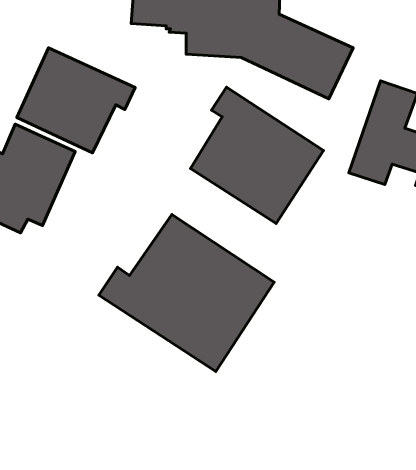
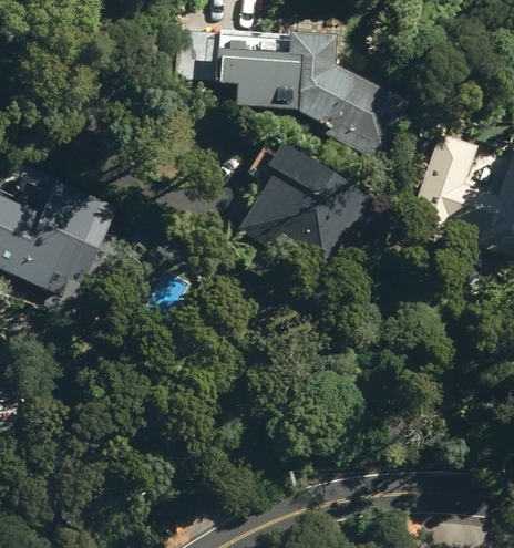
building: [17,48,135,153] -> none
building: [99,215,274,372] -> none

